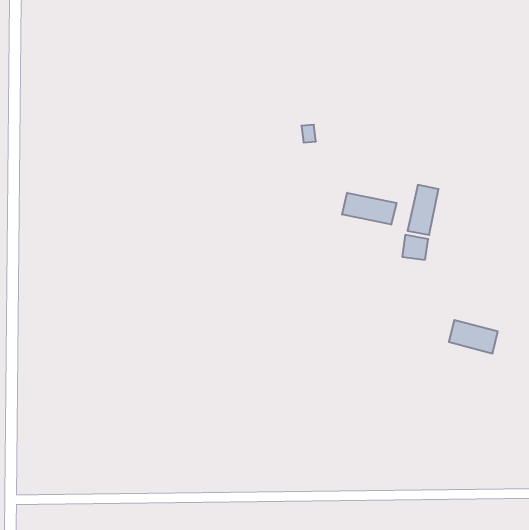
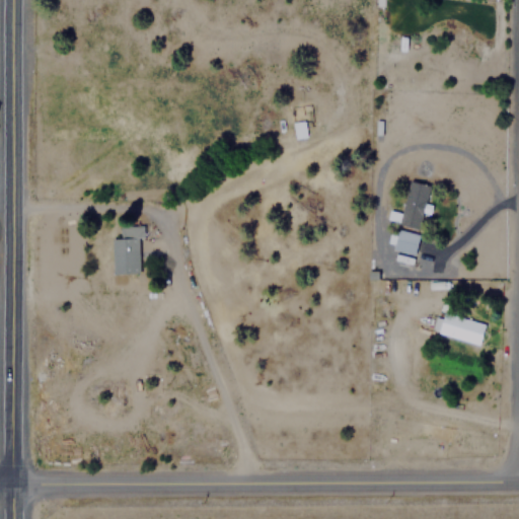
building: [342,193,396,225] -> none
building: none -> [113,225,142,275]

